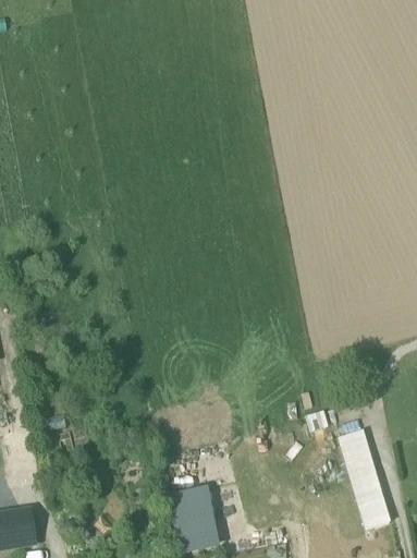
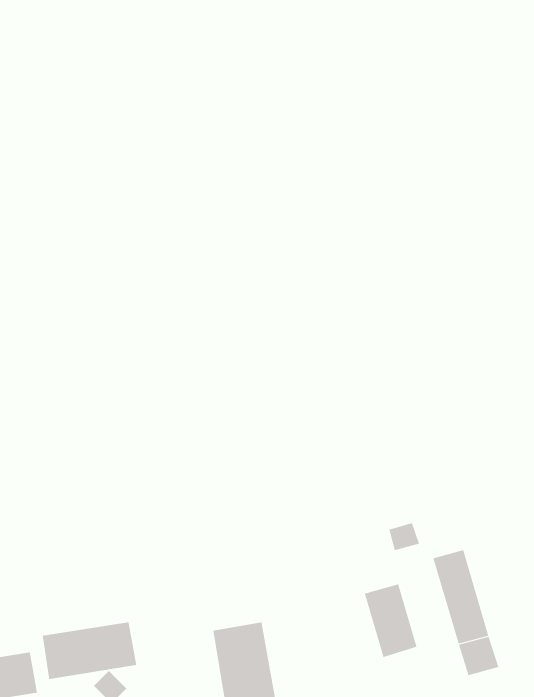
building: none -> [364,584,417,658]
building: none -> [42,622,137,680]

